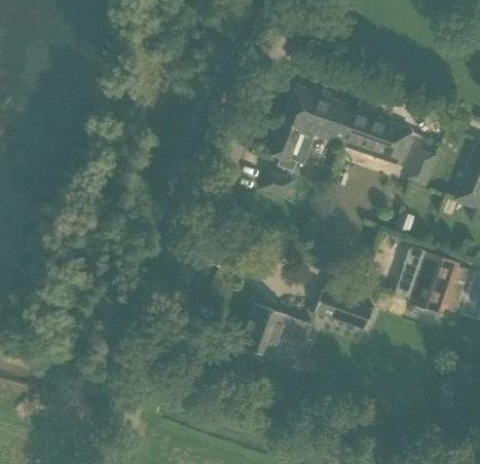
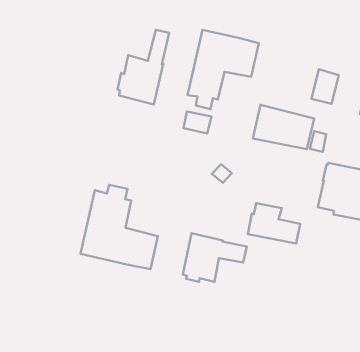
building: none -> [117,30,169,104]
building: [342,110,411,164] -> [253,105,314,149]
building: none -> [81,185,158,269]

